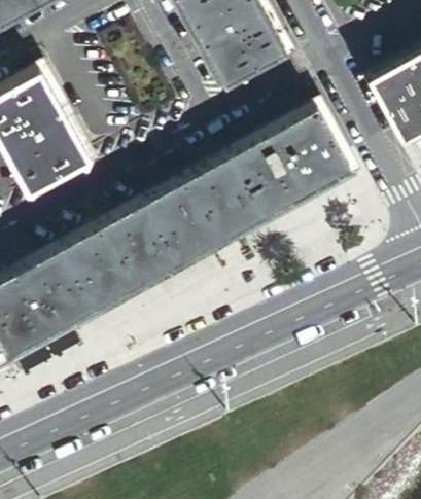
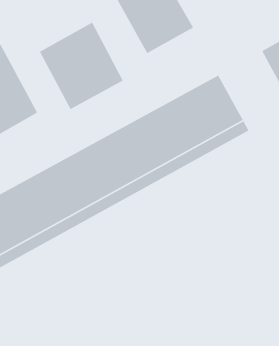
building: none -> [39,21,124,110]

